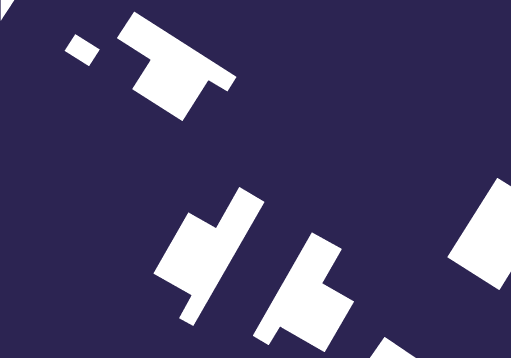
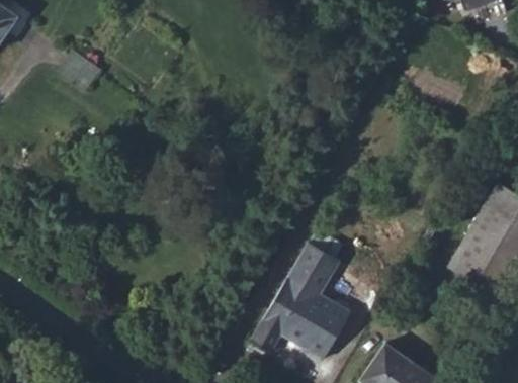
building: [116,10,238,122] -> none
building: [152,186,266,327] -> none

